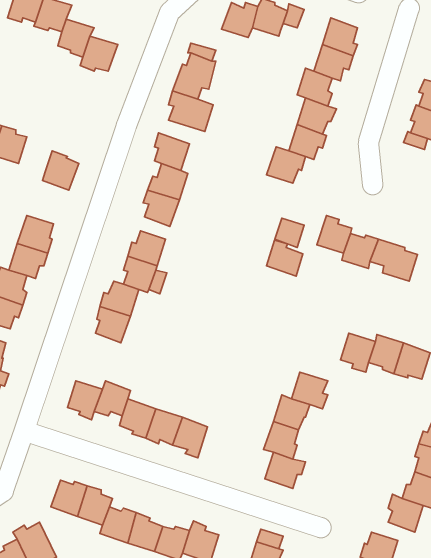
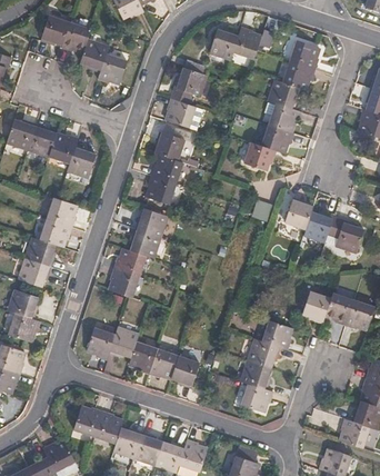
building: none -> [48,135,77,162]
building: [267,240,303,276] -> none

